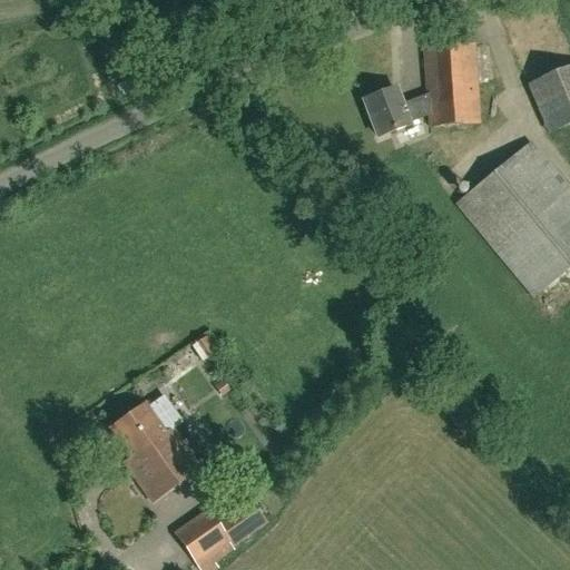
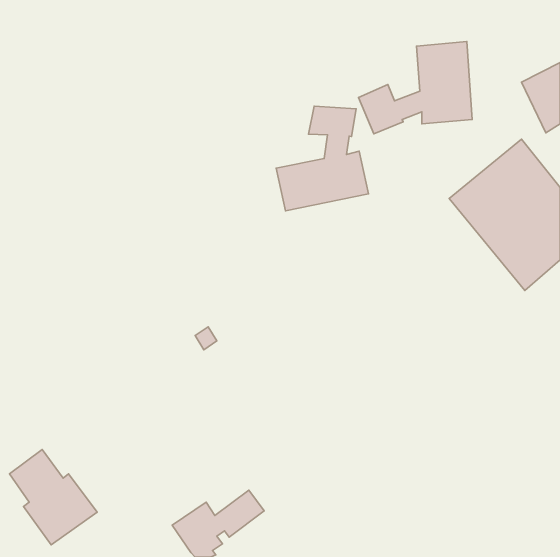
building: none -> [276,106,368,211]
building: [111,404,200,501] -> [9,450,97,545]

